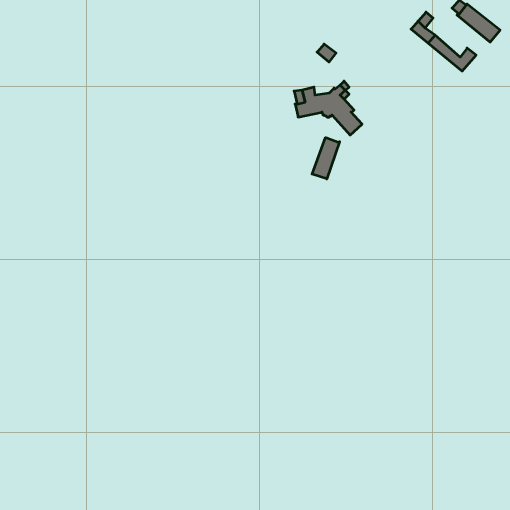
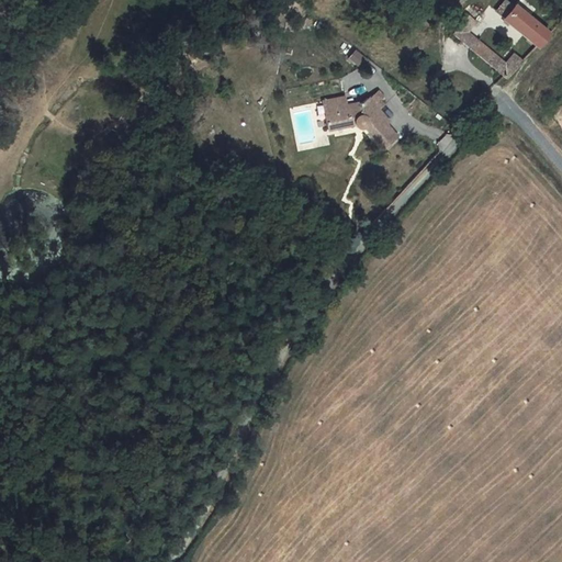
building: [312,138,340,179] -> none

